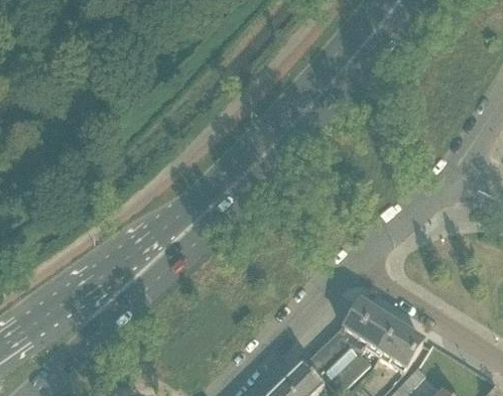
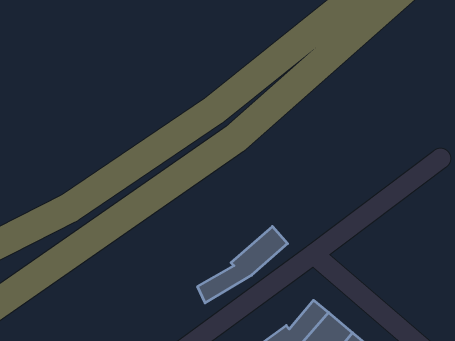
building: none -> [198,226,288,303]

